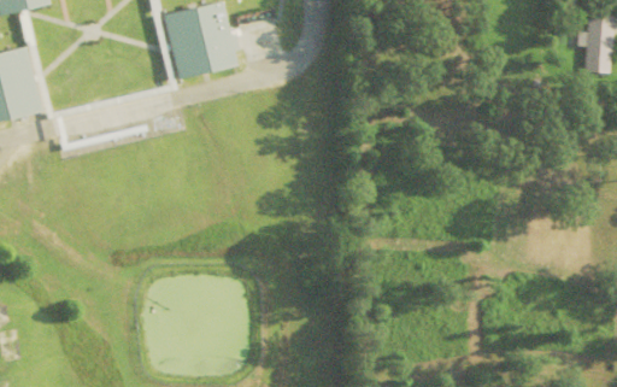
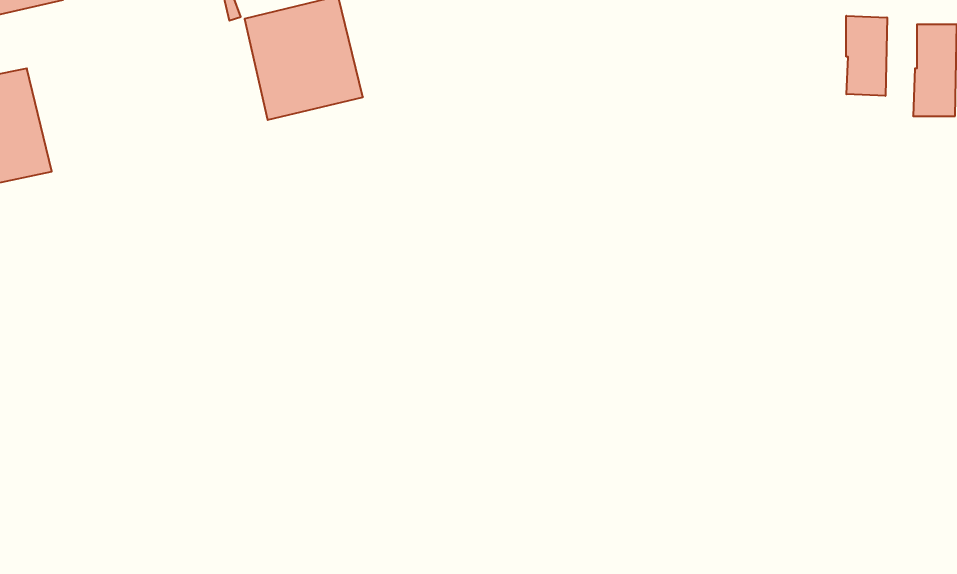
building: none -> [846,16,887,96]

